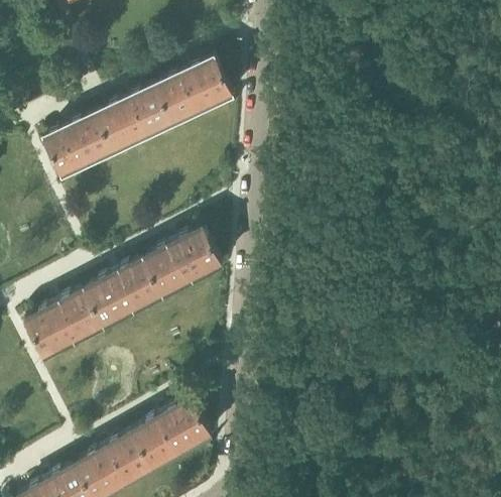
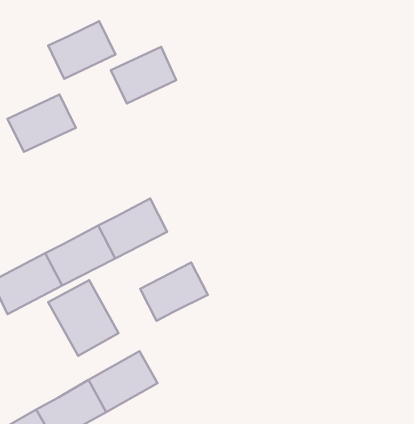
building: [99,85,174,149] -> [48,21,115,79]
building: none -> [140,262,208,321]
building: none -> [48,280,118,356]

